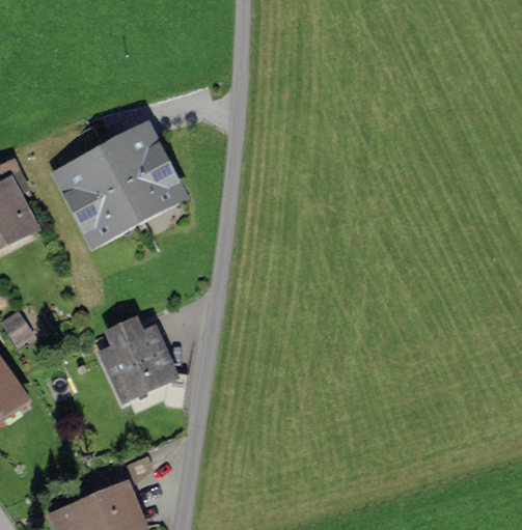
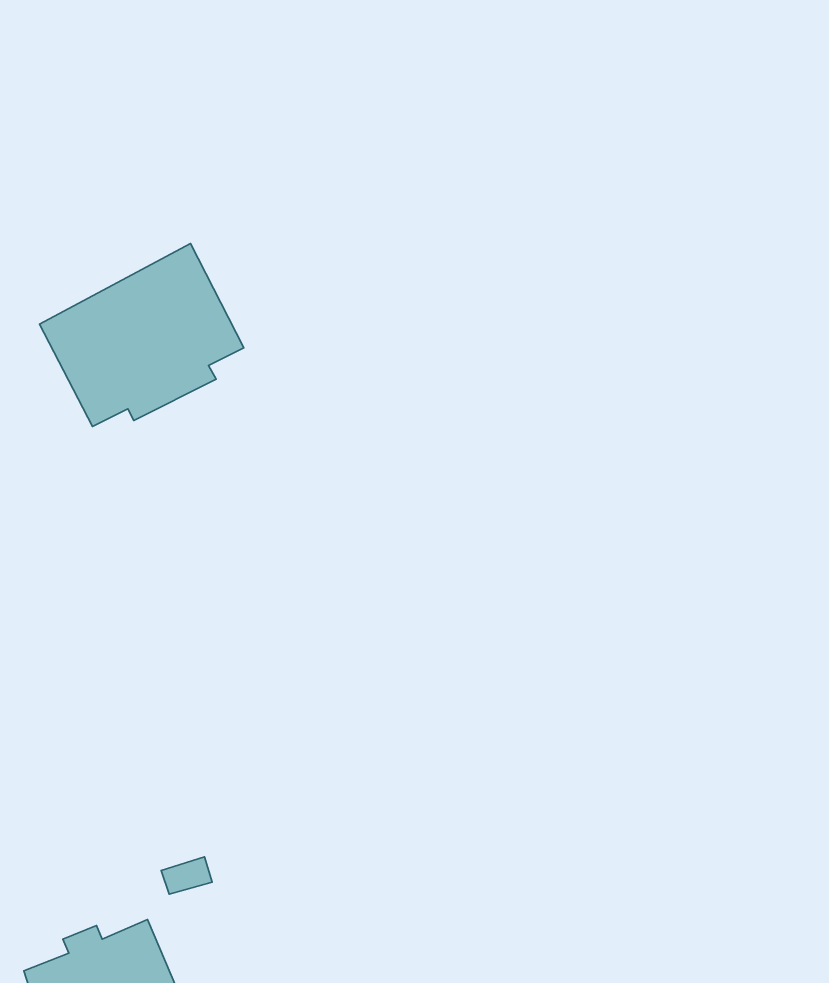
building: [109,329,169,396] -> none

